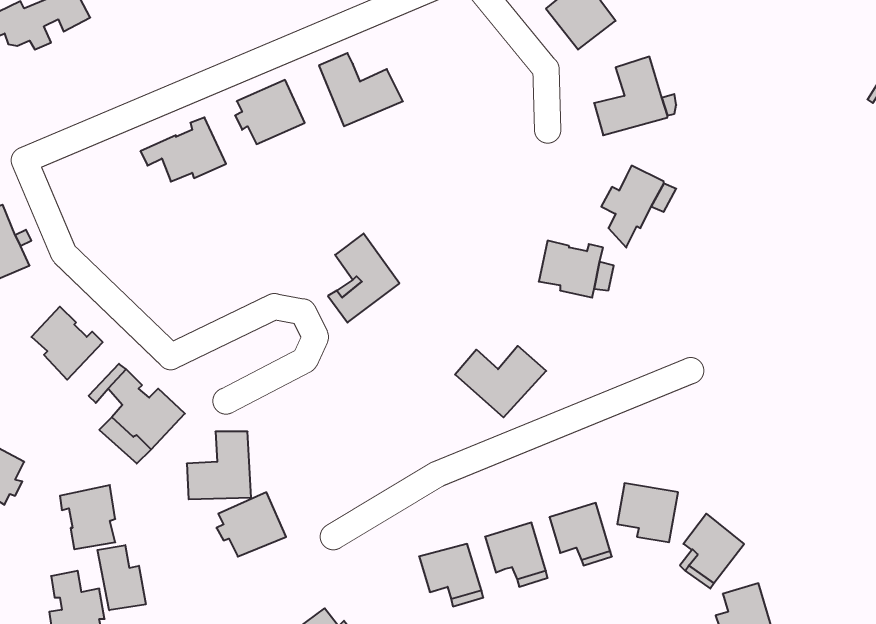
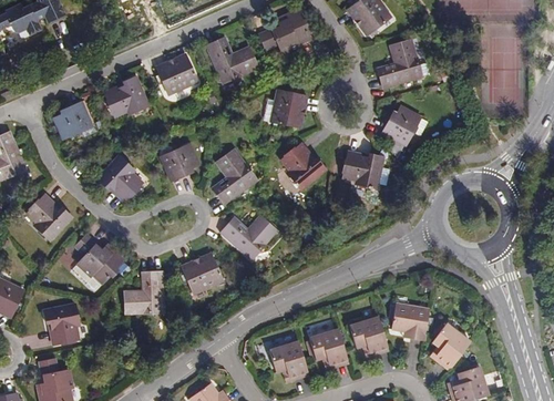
building: none -> [258,11,310,54]
building: none -> [270,88,306,127]
building: none -> [53,101,92,138]
building: none -> [160,143,198,181]
building: none -> [280,144,325,188]
building: none -> [98,155,142,200]
building: [455,346,546,417] -> [220,215,277,259]
building: [216,492,286,557] -> [179,253,223,292]
building: [97,545,146,610] -> none

